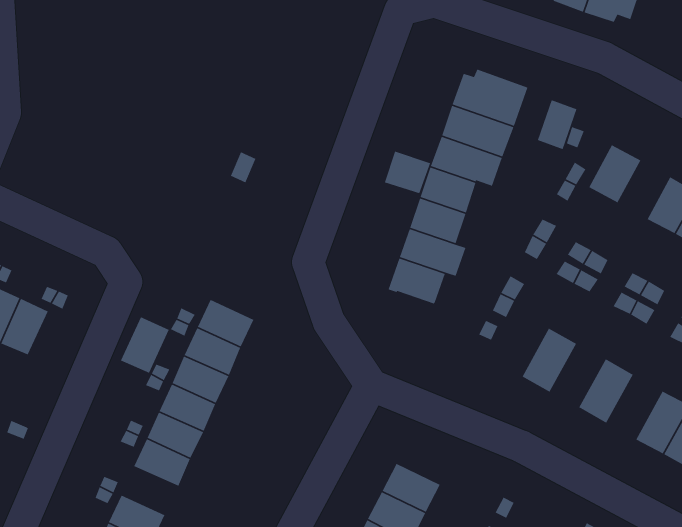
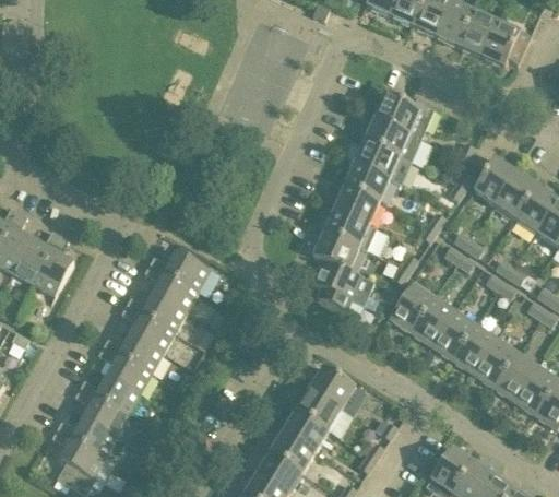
building: [537,99,578,150] -> none
building: [384,150,431,194] -> none
building: none -> [495,173,536,218]
building: none -> [310,258,372,309]
building: none -> [389,281,433,331]
building: [120,316,170,374] -> [33,250,73,295]
building: none -> [430,309,475,358]
building: none -> [472,336,516,387]
building: none -> [308,367,354,409]
building: none -> [95,375,140,414]

